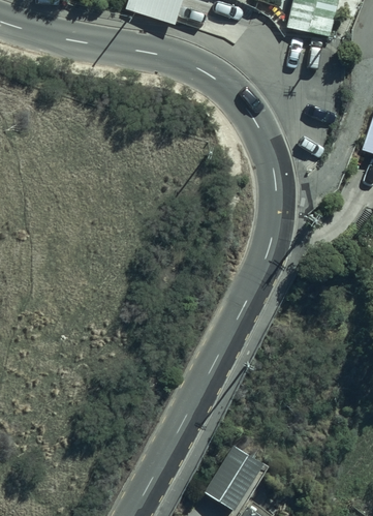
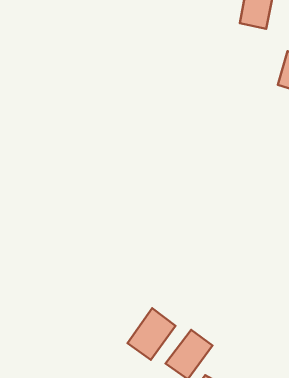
building: none -> [128,308,176,360]

